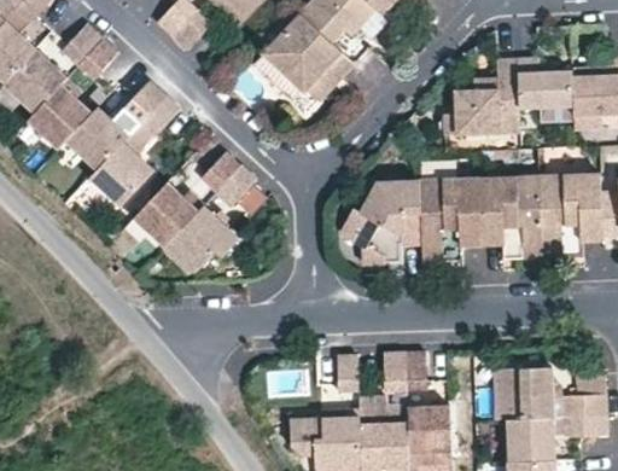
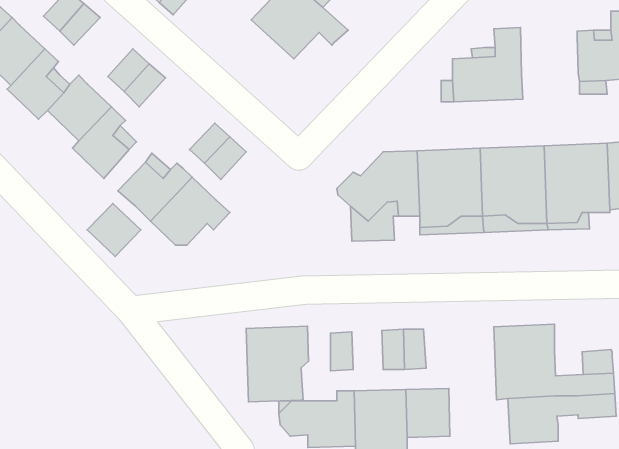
building: [251,54,339,117] -> none
building: [519,58,576,106] -> none
building: none -> [87,203,141,257]
building: none -> [246,326,309,402]

